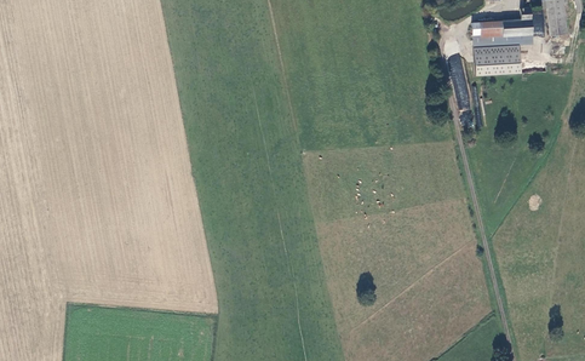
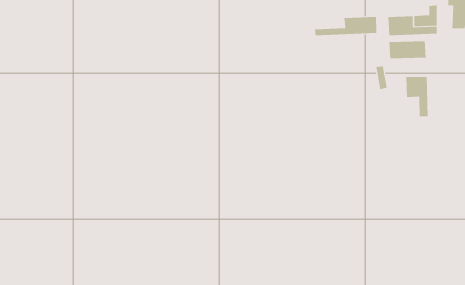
building: none -> [315,16,377,36]
building: none -> [406,76,428,117]

